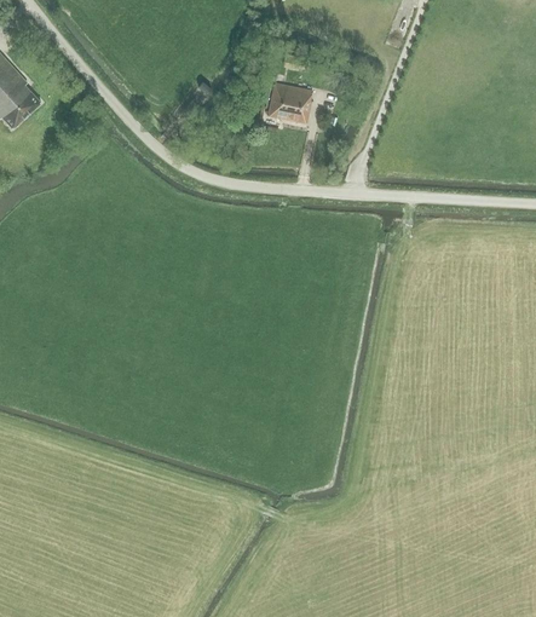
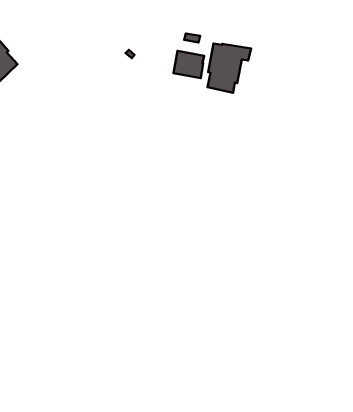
building: none -> [207,43,251,93]

